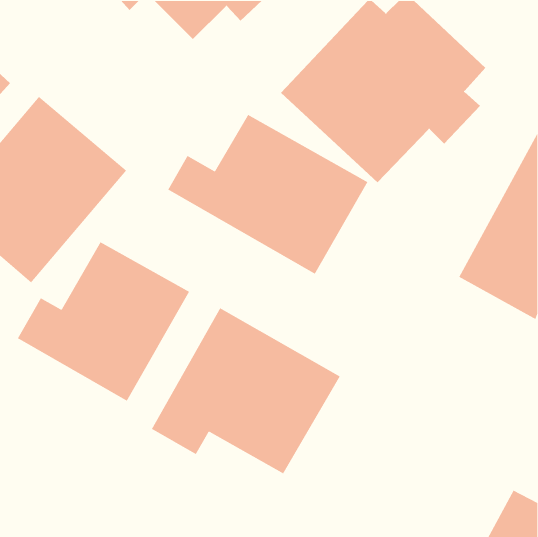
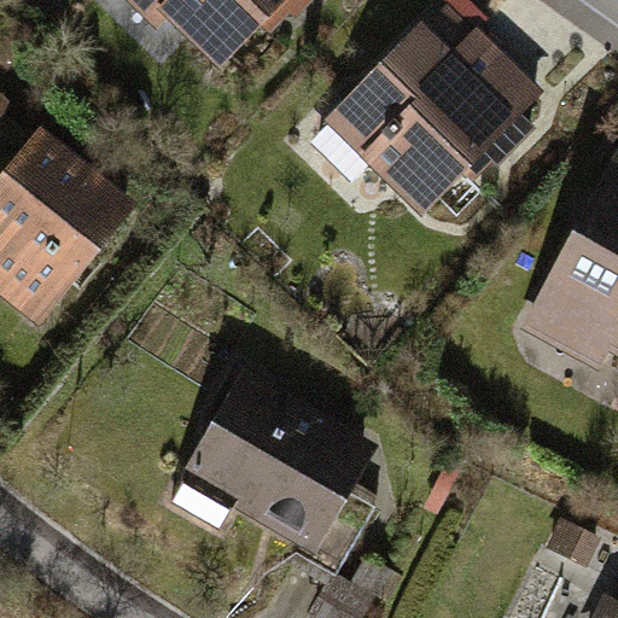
building: [167,114,368,275] -> none
building: [17,241,190,402] -> none

